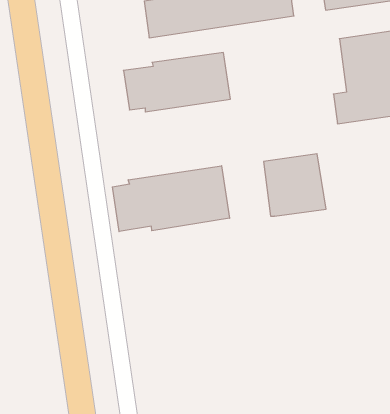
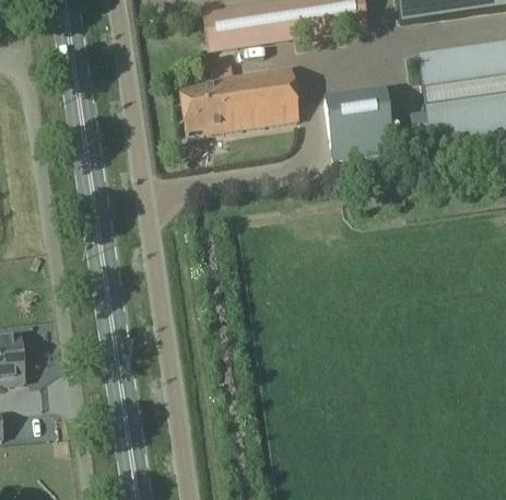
building: [264,154,326,216] -> [326,89,395,158]
building: [112,166,230,232] -> none

